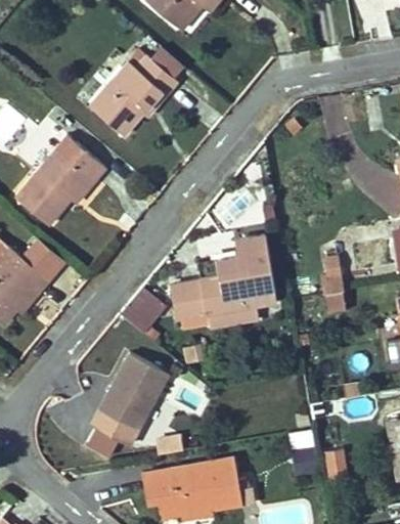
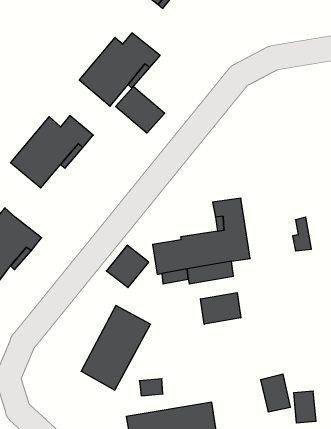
building: none -> [116,87,165,133]
building: [20,237,64,279] -> none
building: none -> [201,293,241,324]

